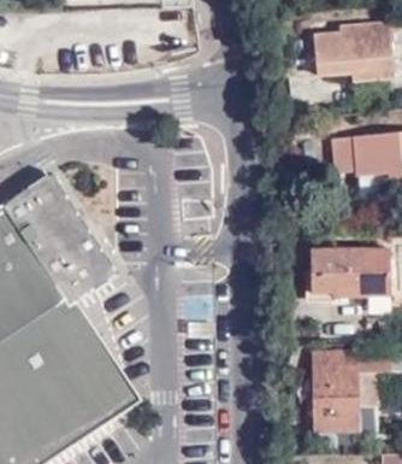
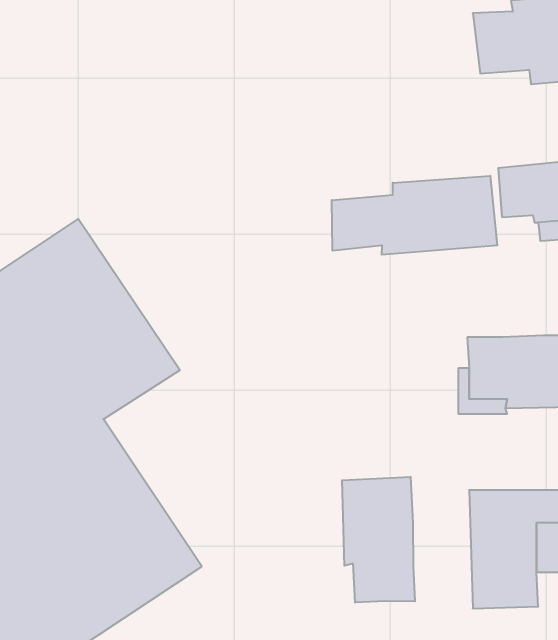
building: none -> [332,176,497,255]
building: none -> [342,477,415,603]

